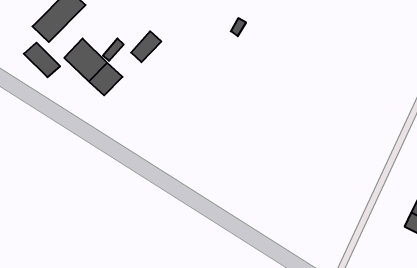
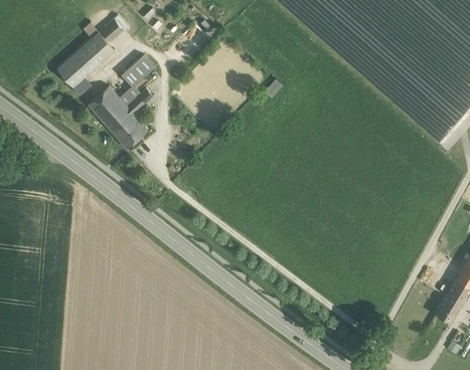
building: [131,31,161,62] -> [123,54,156,86]
building: [24,43,60,77] -> none

